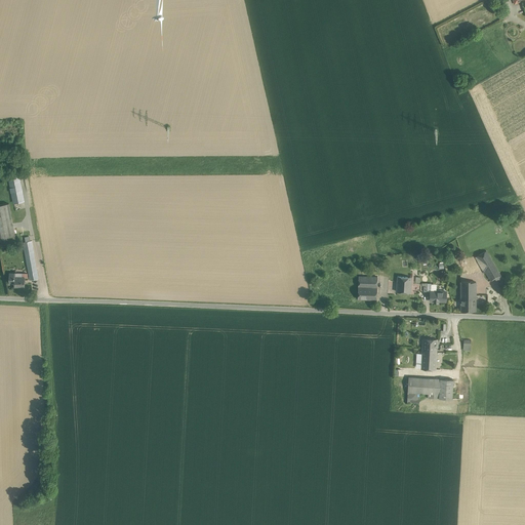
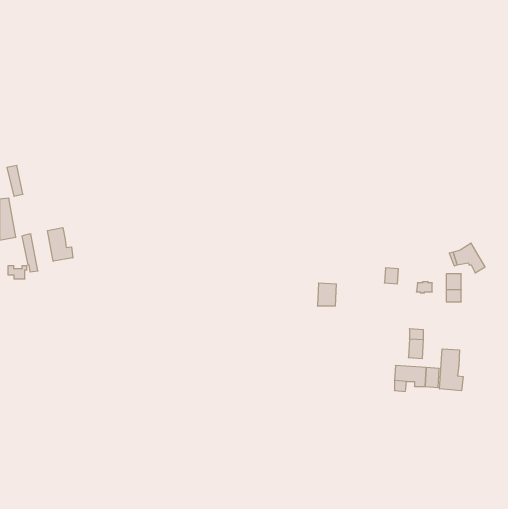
building: none -> [47,228,73,261]
building: [357,276,376,299] -> [317,283,336,306]
building: none -> [440,349,463,391]

